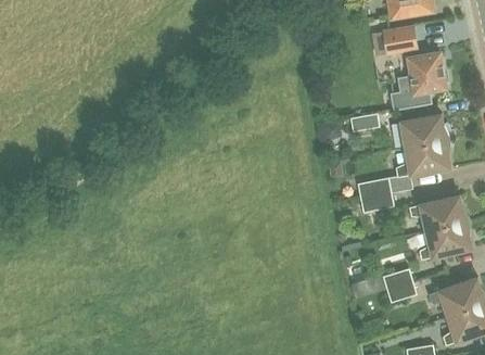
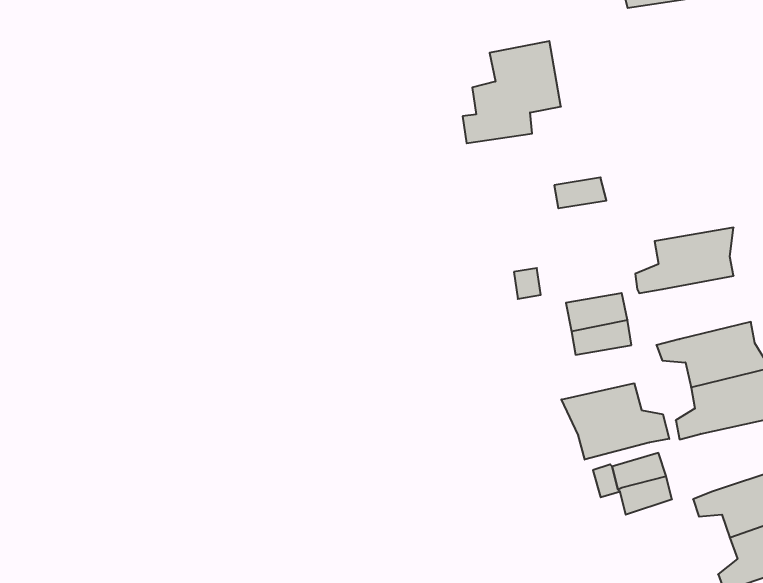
building: [381,24,417,55] -> none
building: [391,51,446,109] -> [463,41,561,143]
building: [400,114,450,149] -> none
building: none -> [561,383,669,460]

